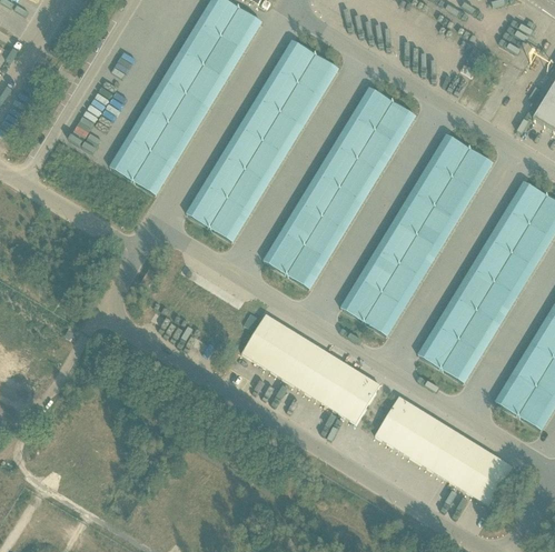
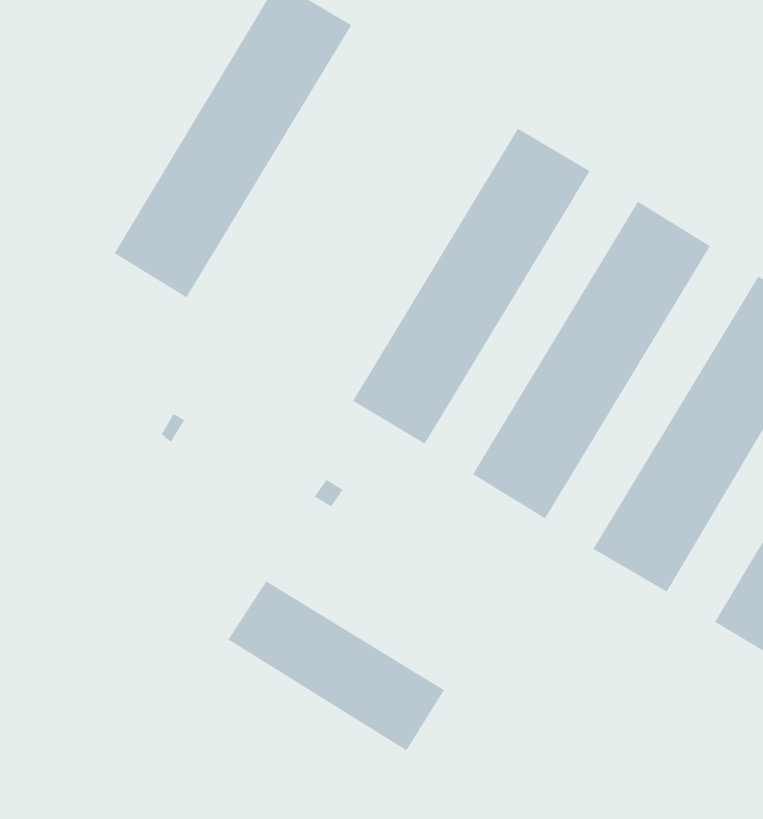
building: [187,39,338,242] -> none
building: [241,315,380,424] -> [227,580,445,751]
building: [375,398,514,506] -> none

